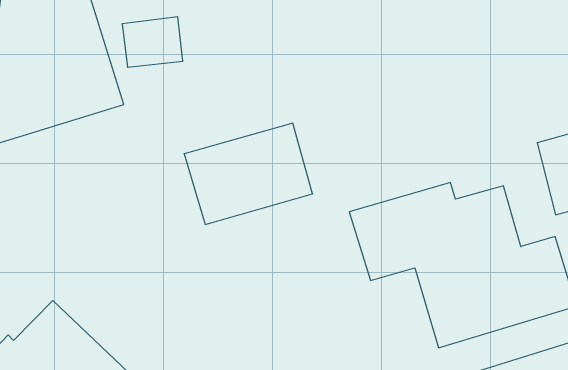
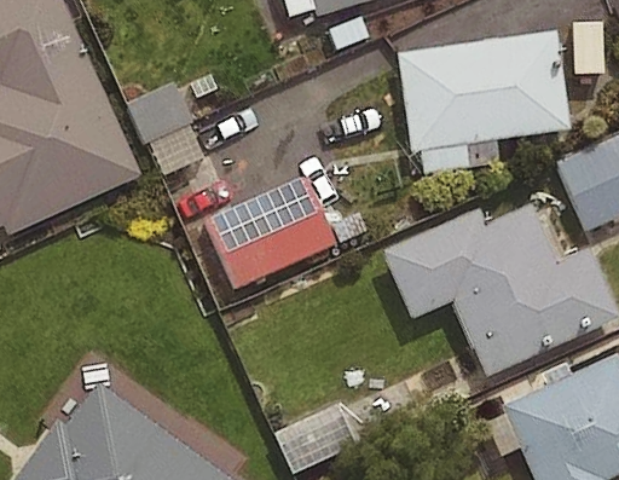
building: none -> [395,31,569,152]

